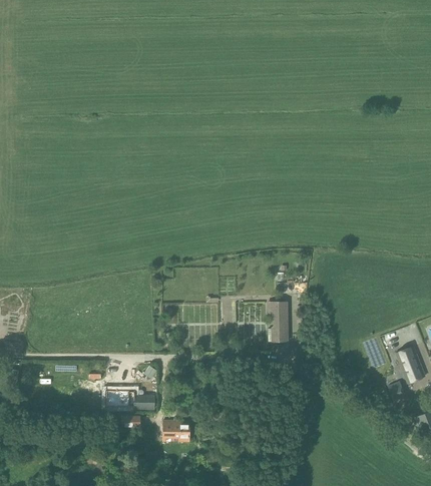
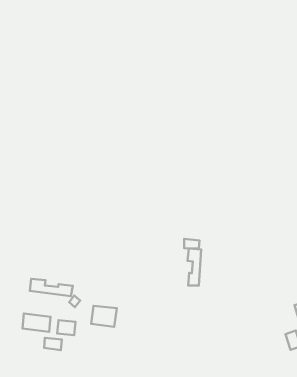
building: none -> [30,279,73,296]
building: [163,420,190,441] -> [91,306,117,327]

